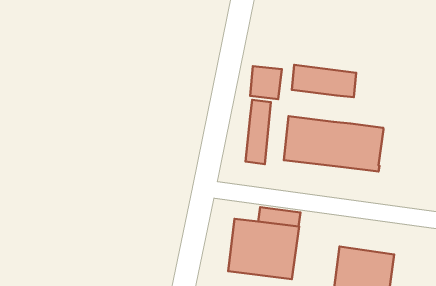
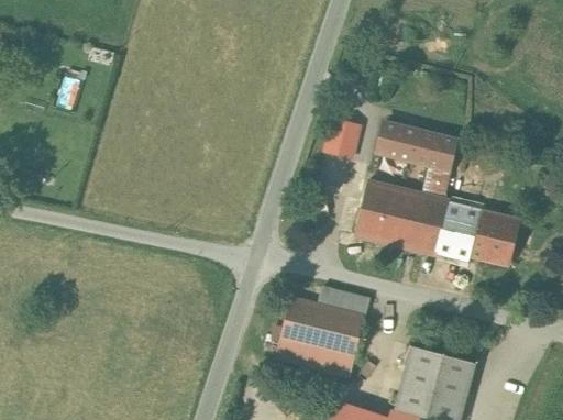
building: none -> [422,165,450,200]
building: [246,100,271,164] -> none
building: none -> [470,212,518,263]

